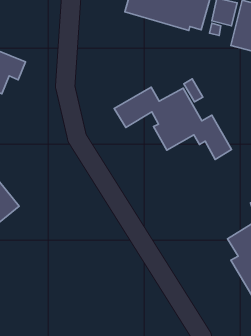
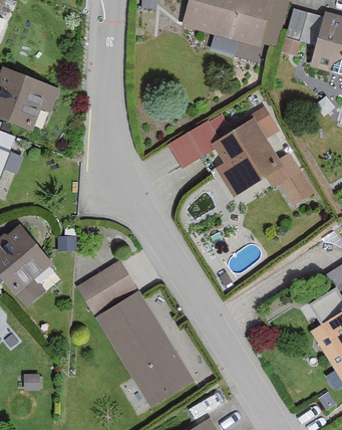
building: none -> [78,262,136,313]
building: none -> [95,292,193,406]

